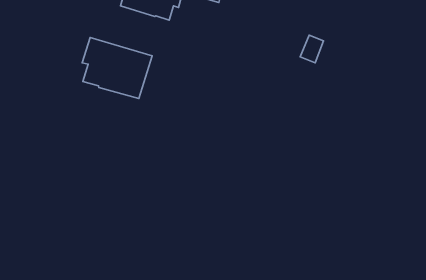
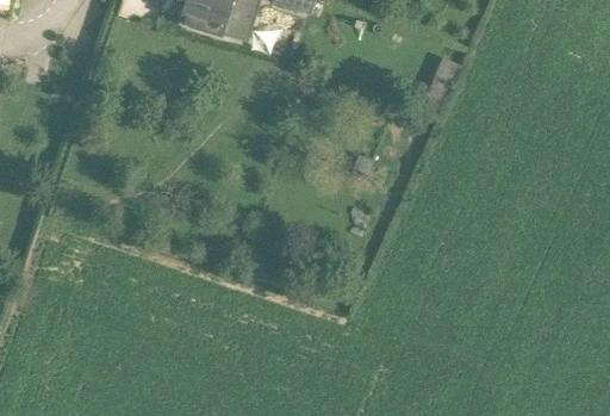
building: [82,38,152,98] -> none

